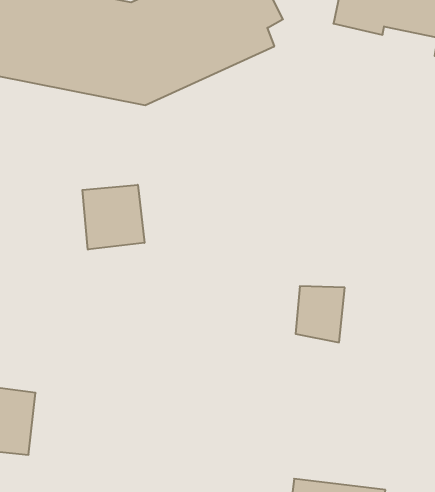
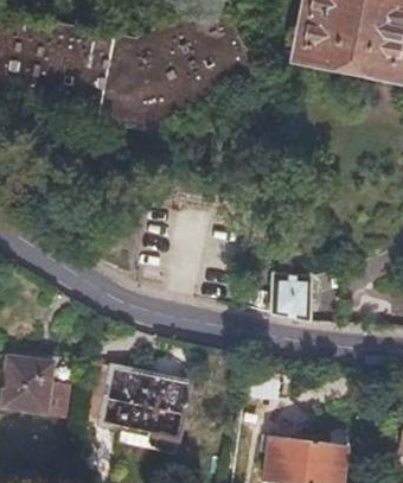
building: [82,185,144,250] -> none
building: none -> [94,369,191,437]

